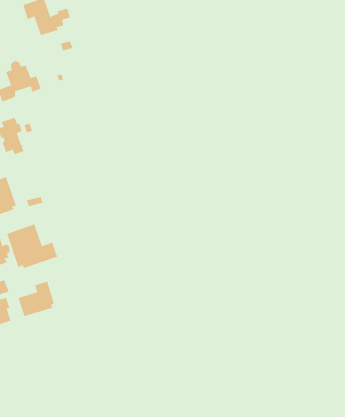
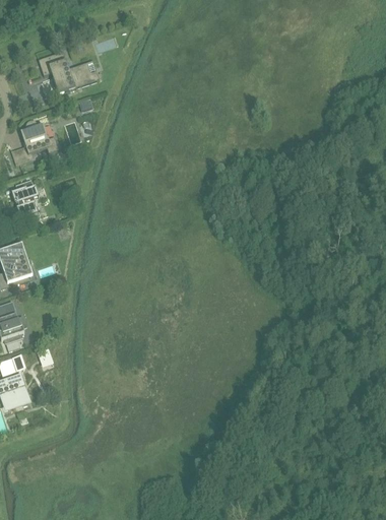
building: [7,223,58,269] -> none
building: [18,281,55,317] -> none

